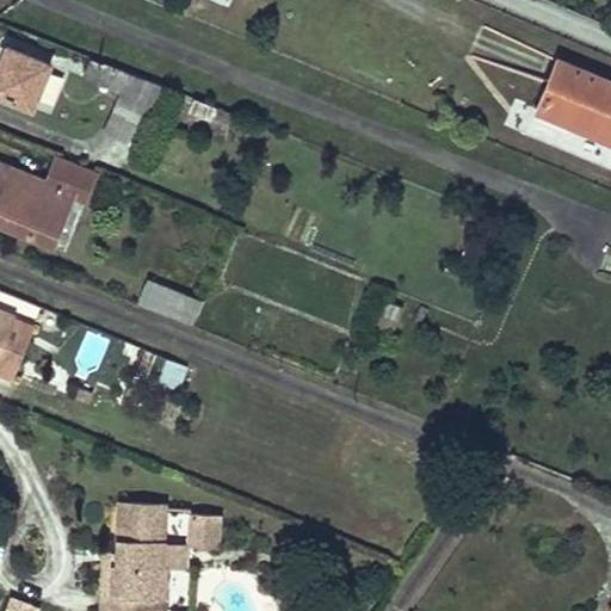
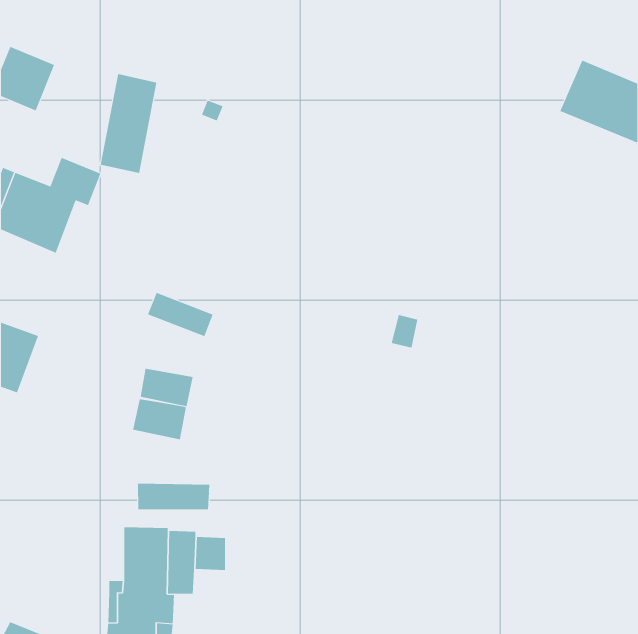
building: none -> [132,399,187,440]
building: none -> [138,483,210,510]

